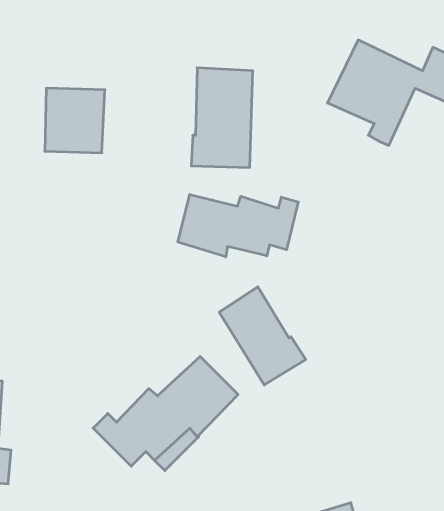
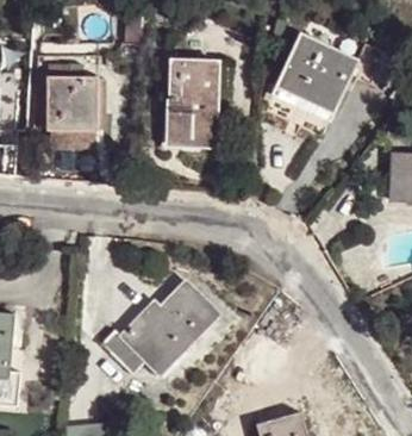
building: [178,194,298,257] -> none
building: [219,287,306,385] -> none

